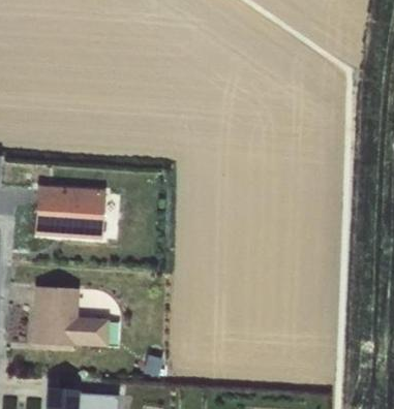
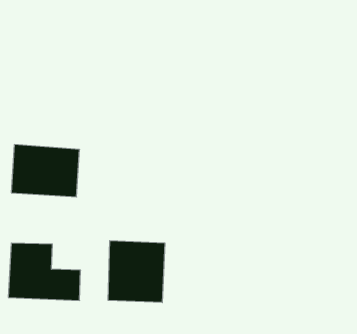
building: none -> [108,241,165,303]

